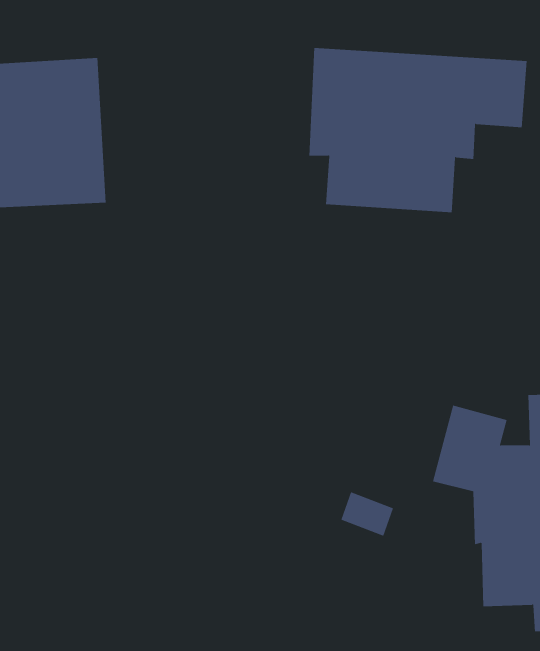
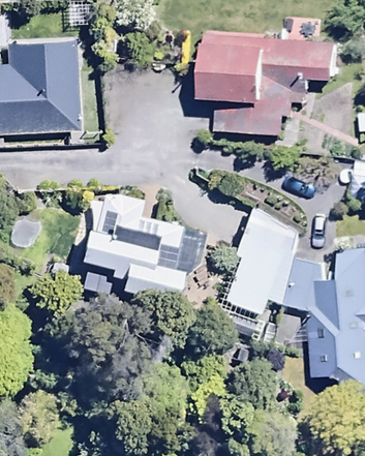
building: none -> [80,190,183,303]
building: none -> [225,205,299,313]

